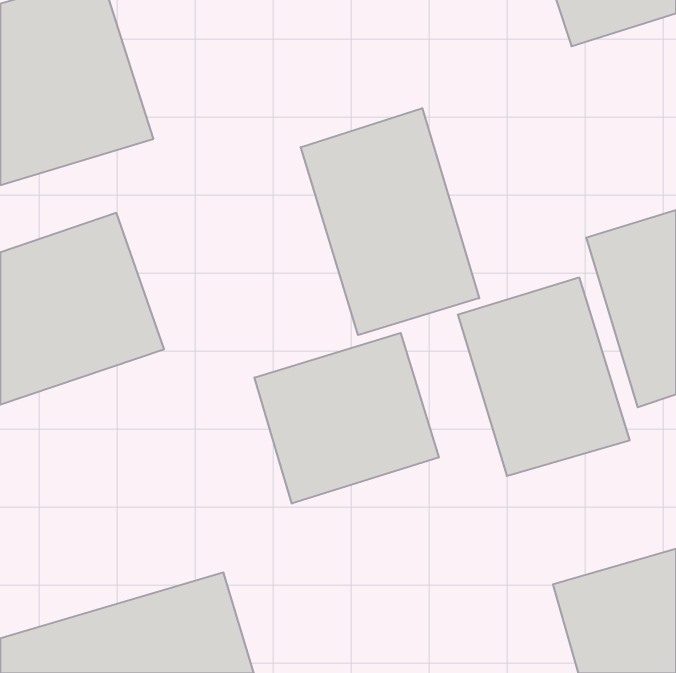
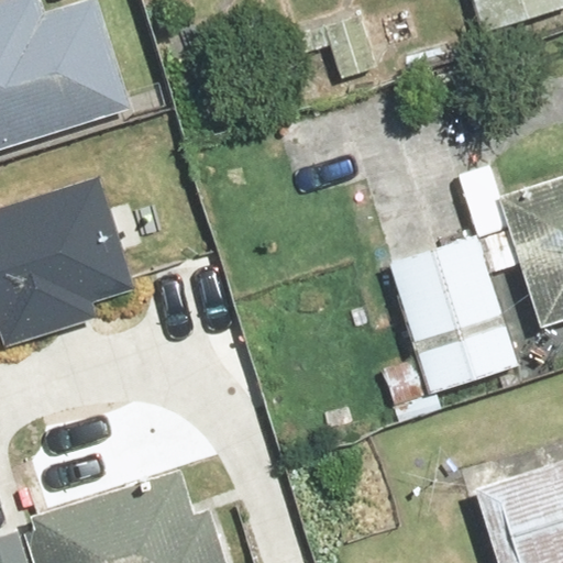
building: [301,108,479,335] -> none
building: [254,333,439,504] -> none

